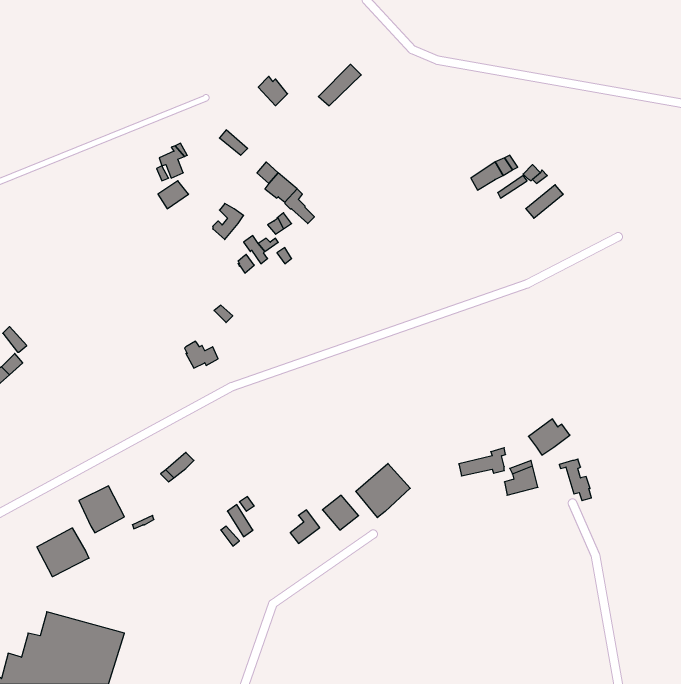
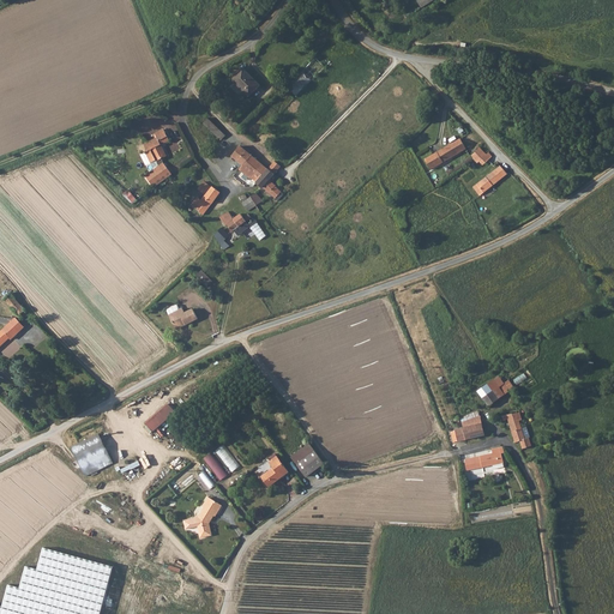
building: [459,448,506,476] -> [462,446,504,471]
building: [356,463,410,518] -> none
building: [37,528,89,577] -> none
building: none -> [193,498,221,540]

